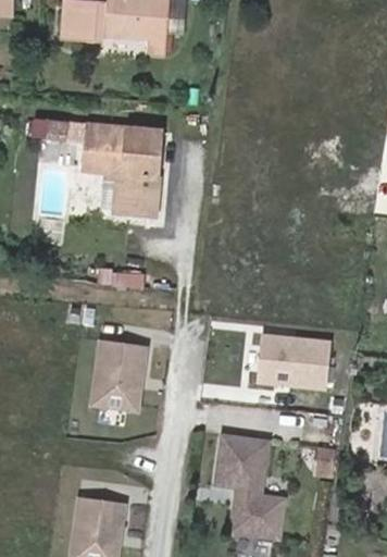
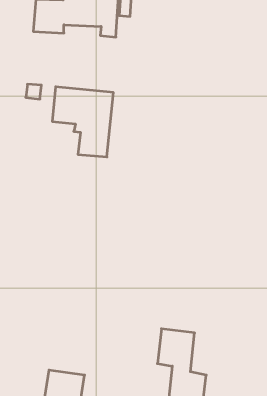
building: [259,322,336,380] -> none
building: [93,336,150,409] -> none

